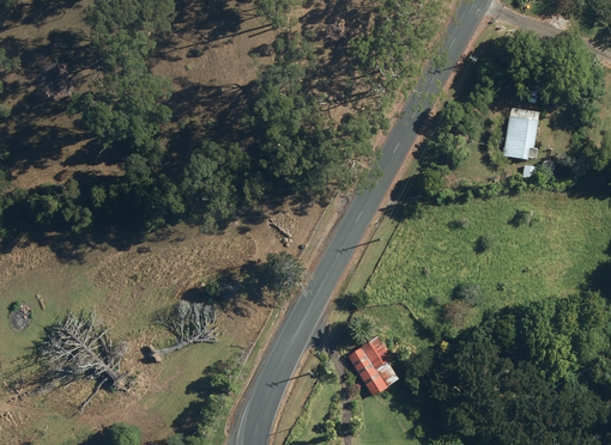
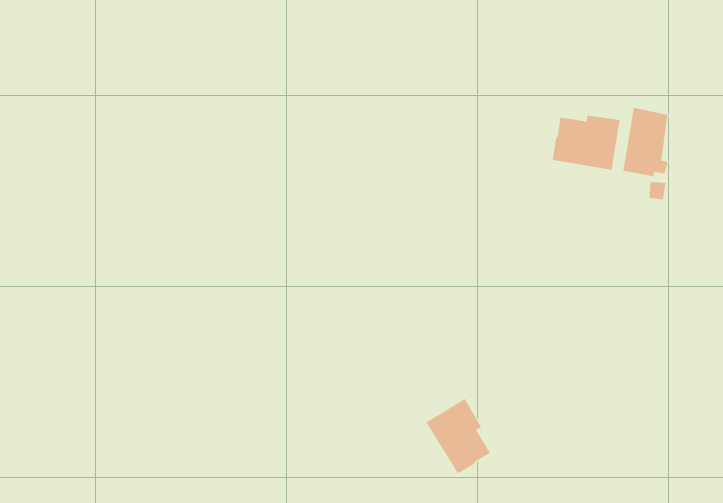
building: none -> [552,115,620,171]

